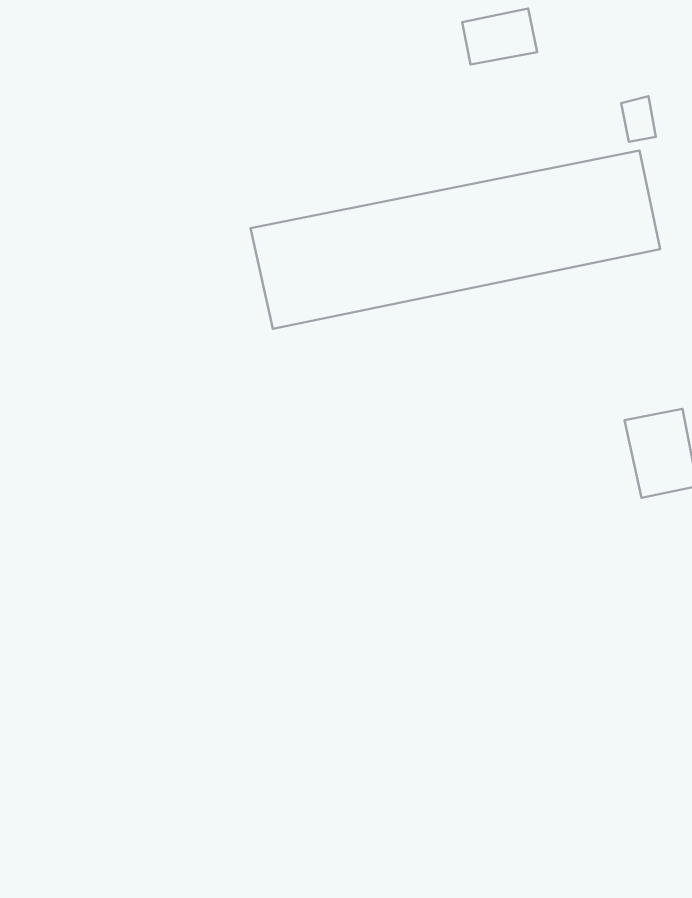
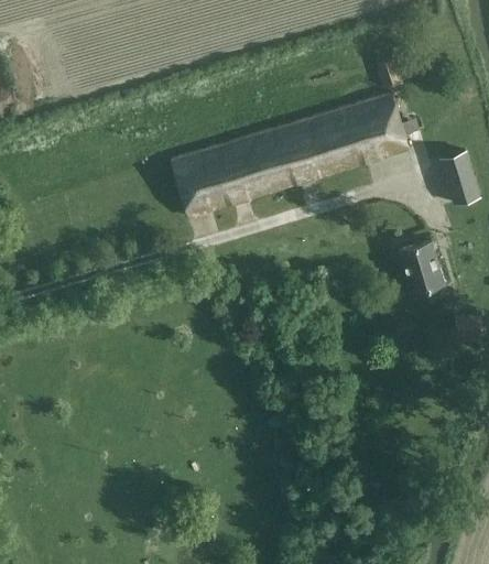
building: [462,9,537,65] -> none

